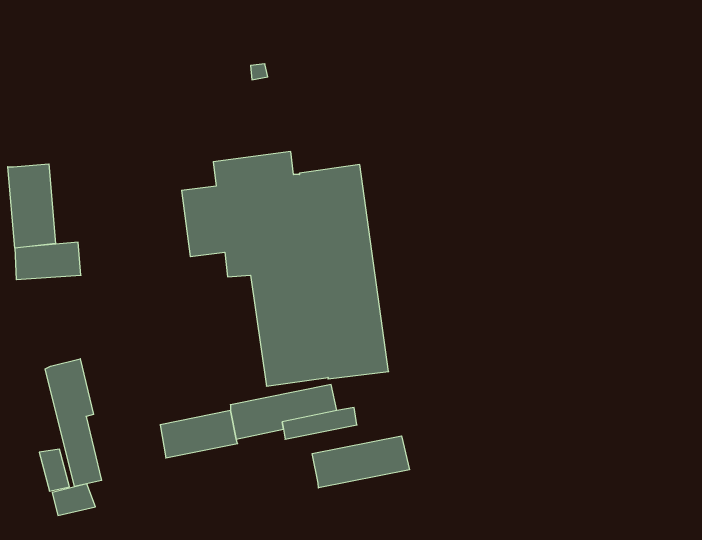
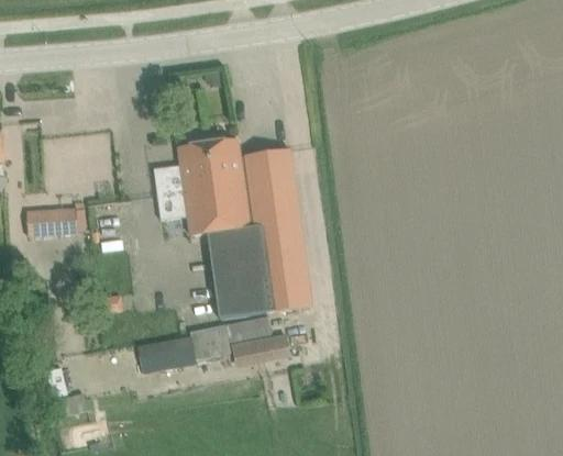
building: [8,164,56,248] -> none
building: [45,359,102,487] -> none
building: [312,436,409,488] -> none

